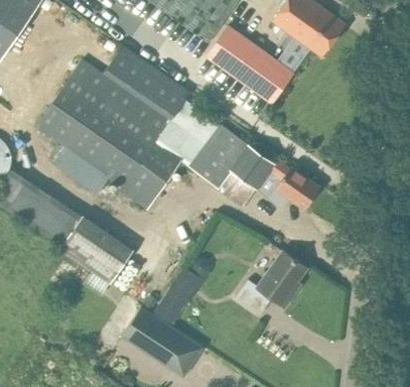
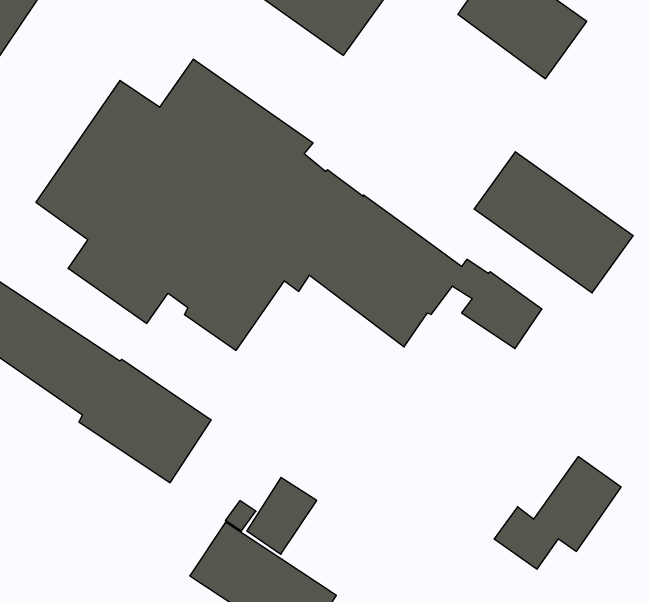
building: [204,24,294,104] -> [474,152,633,293]
building: [235,251,306,314] -> [494,457,621,569]

